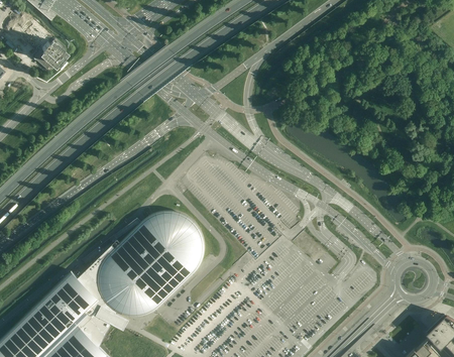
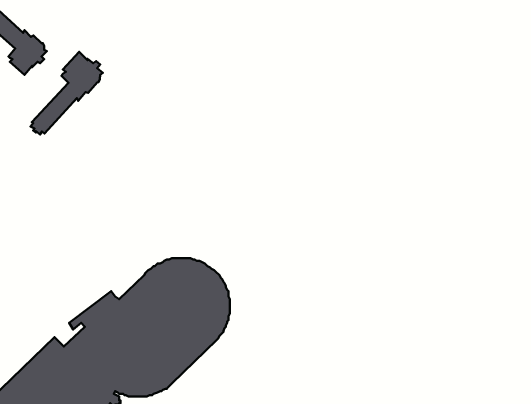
building: none -> [30,52,103,135]

